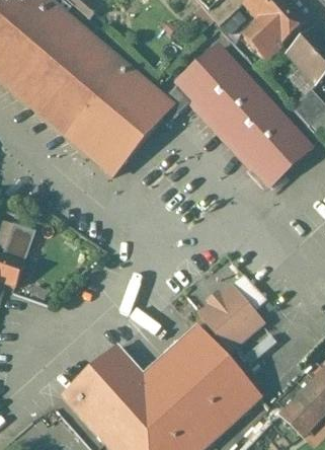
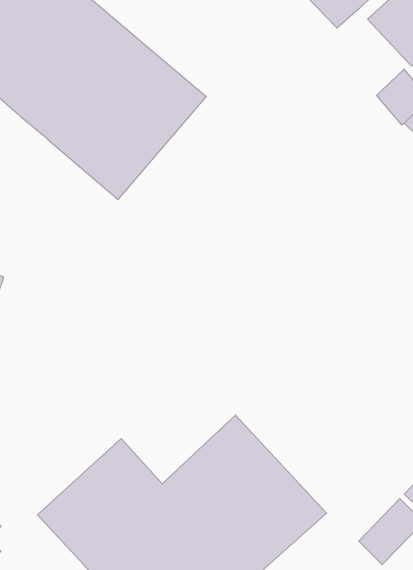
building: [176,45,311,184] -> none
building: [200,287,260,348] -> none

